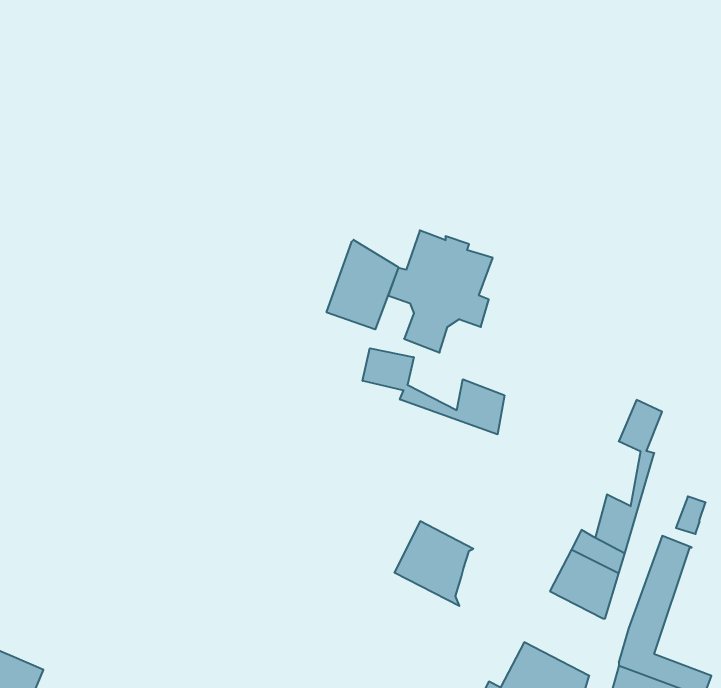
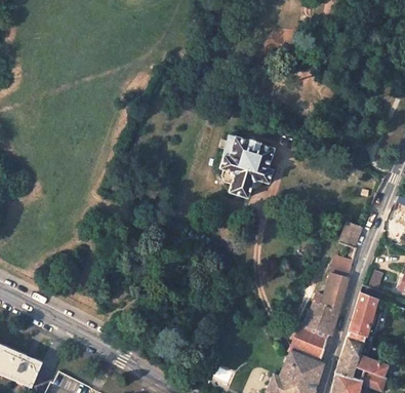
building: [327,240,398,329] -> none
building: [363,348,504,434] -> none
building: [394,521,473,606] -> [290,321,331,365]

